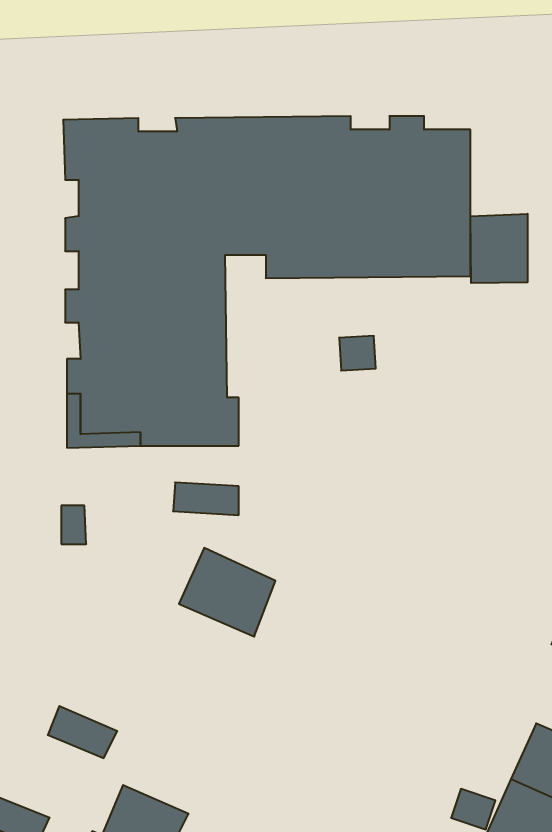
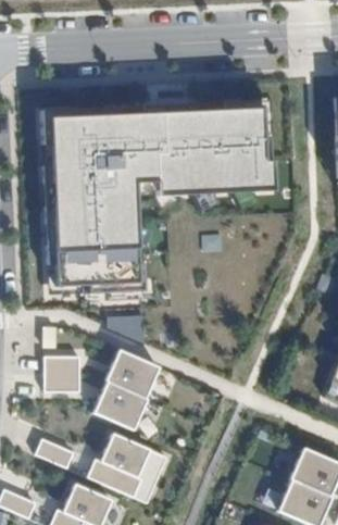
building: [470,214,528,283] -> none
building: none -> [45,355,80,391]
building: none -> [96,380,150,430]
building: none -> [89,432,151,496]

